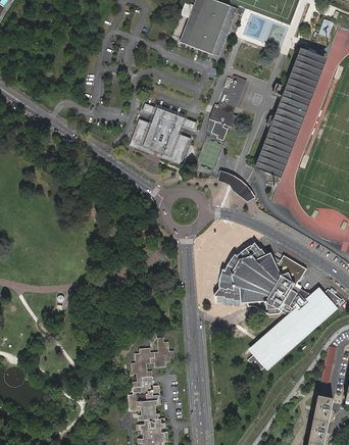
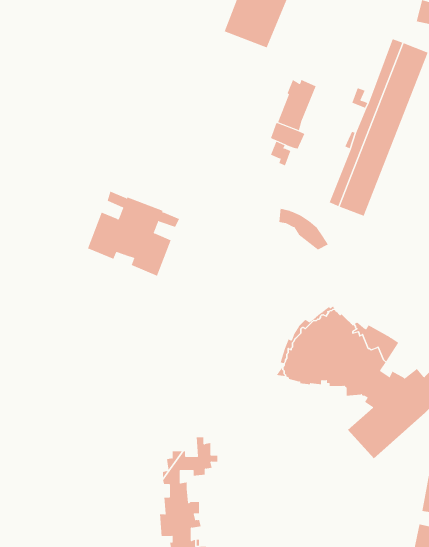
building: [129,104,196,166] -> [87,191,180,276]
building: [247,332,287,370] -> none

